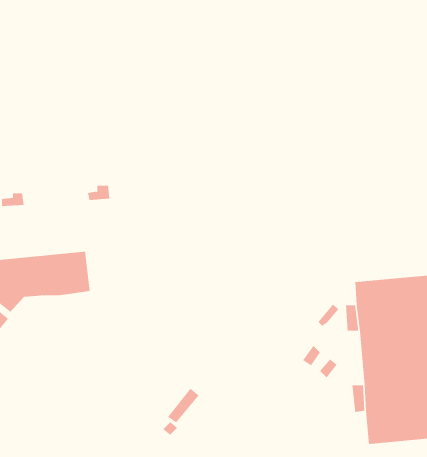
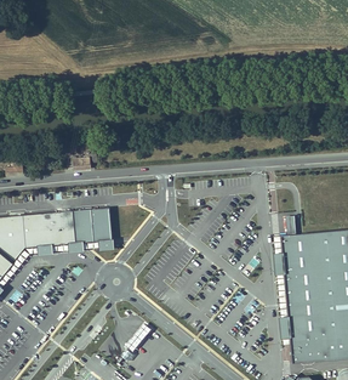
building: none -> [72,208,110,243]

